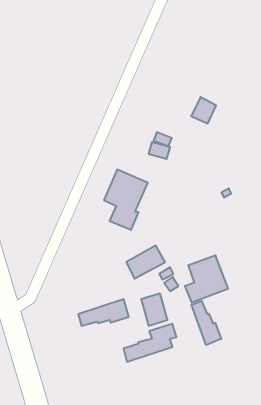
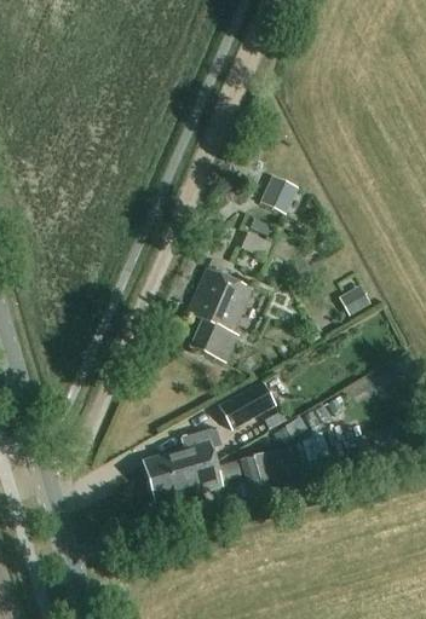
building: [191,97,216,124] -> [264,177,300,215]
building: [191,301,221,345] -> none
building: [124,324,177,362] -> [143,424,220,480]

